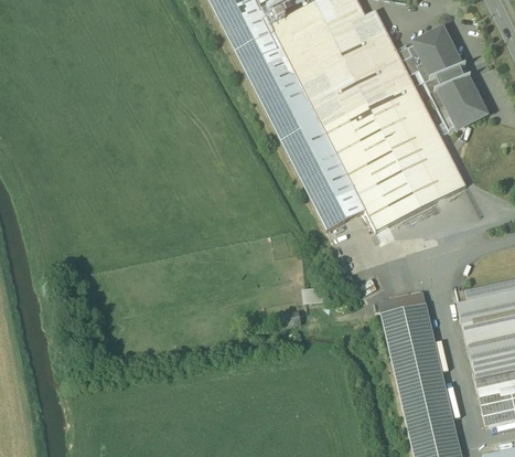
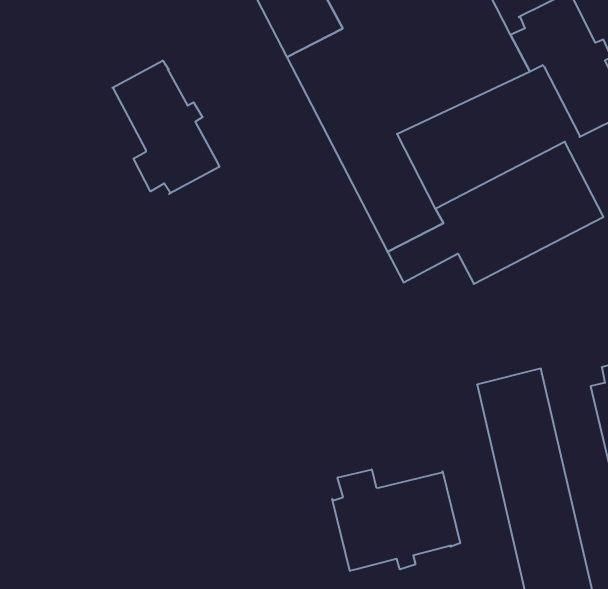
building: none -> [112,61,220,194]
building: [323,85,439,180] -> none
building: none -> [332,469,460,571]

